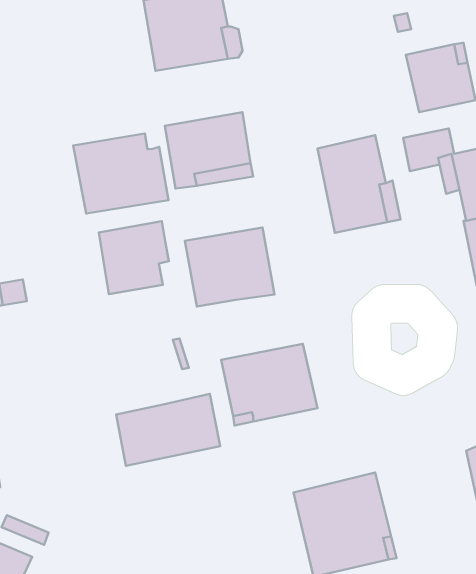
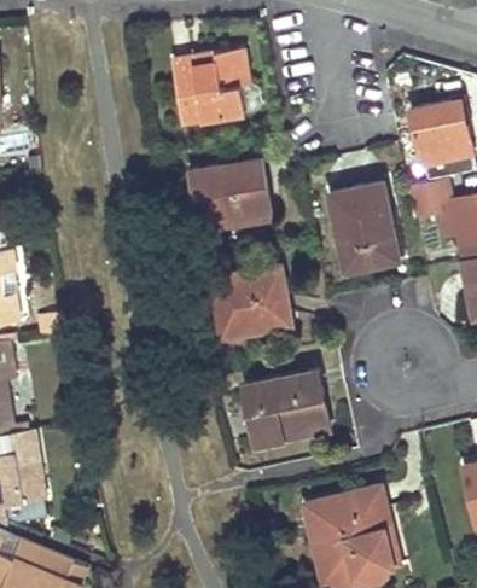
building: [73,134,168,213] -> none
building: [99,221,169,294] -> none
building: [116,394,220,466] -> none

